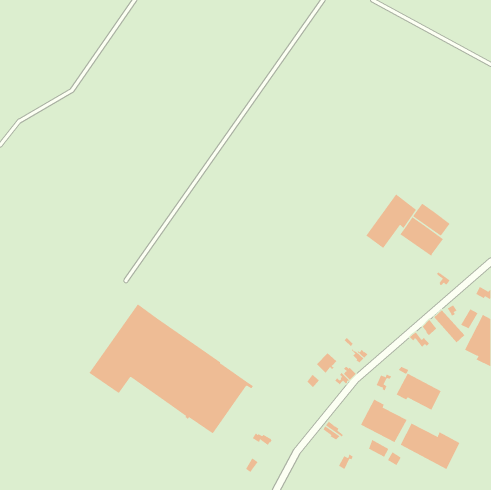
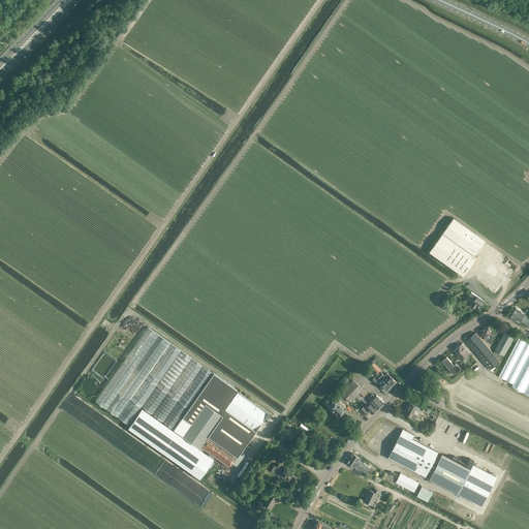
building: [365,193,417,249] -> none
building: [396,373,441,411] -> none
building: none -> [127,409,214,480]

